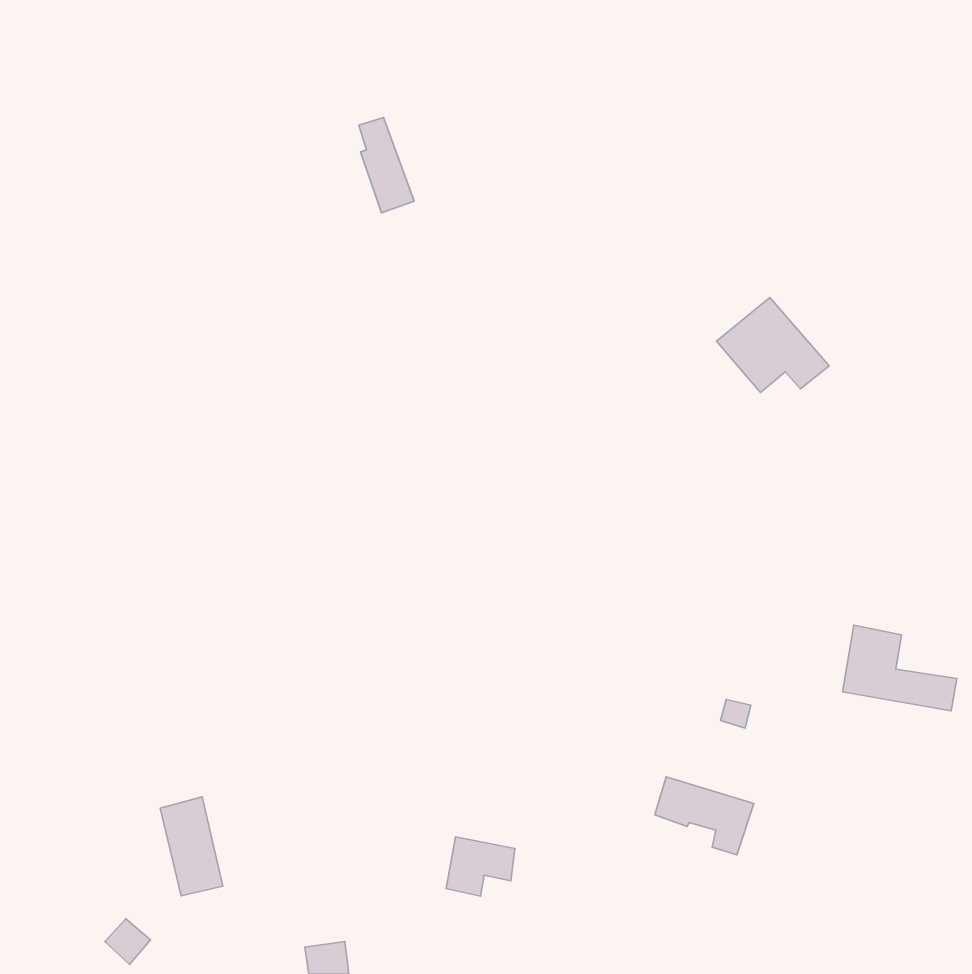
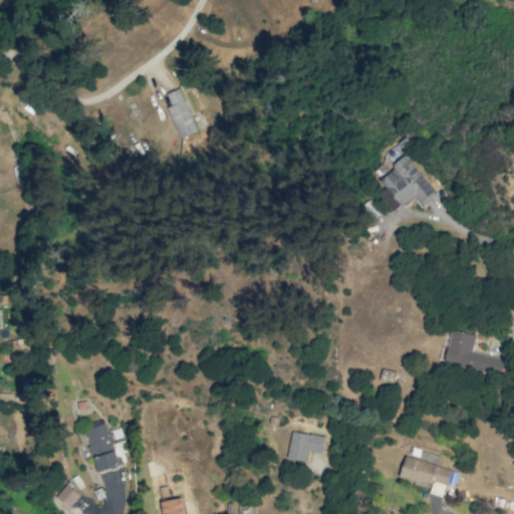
building: [359,117,414,213] -> [168,88,197,139]
building: [655,777,754,855] -> [400,456,452,497]
building: [446,837,515,896] -> [288,431,324,462]

